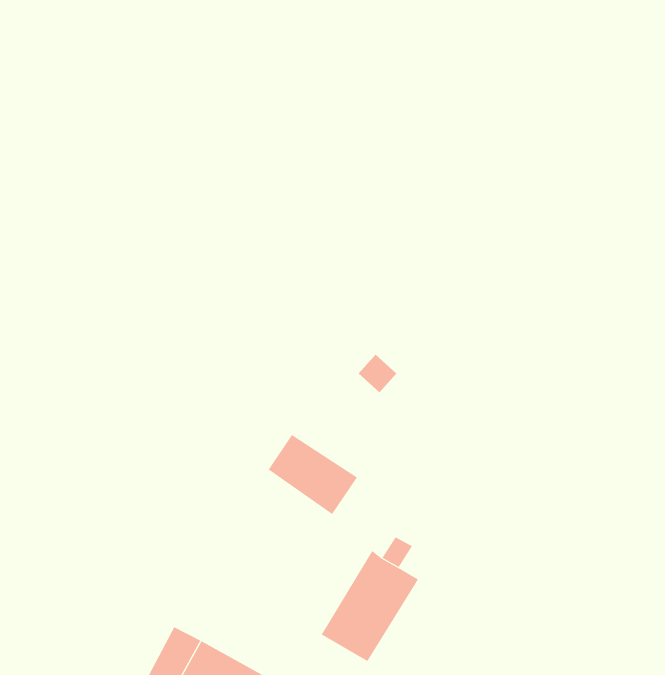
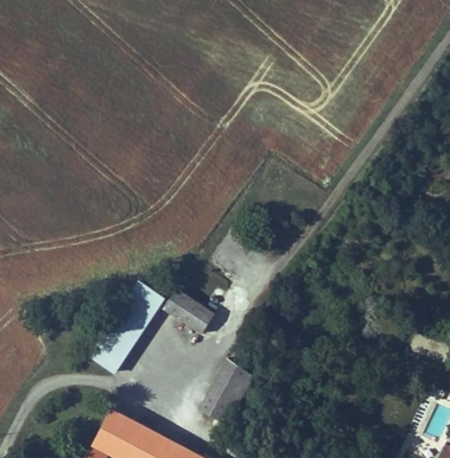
building: none -> [90,284,164,375]

